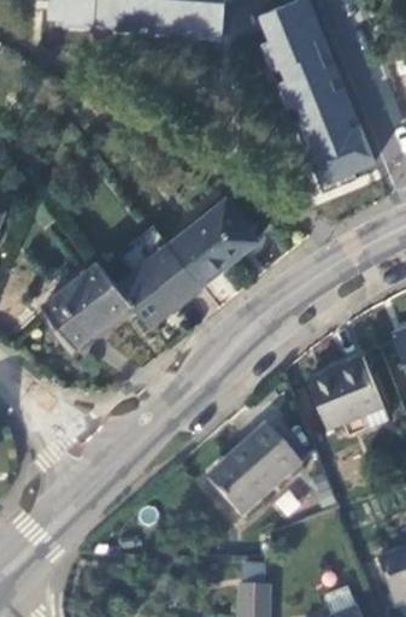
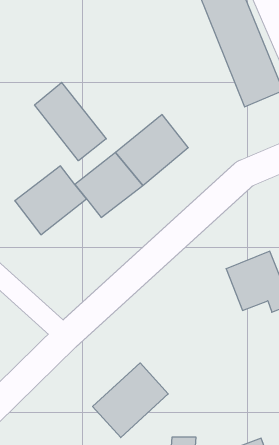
building: none -> [35,82,106,161]
building: [206,430,300,523] -> [93,363,168,438]

